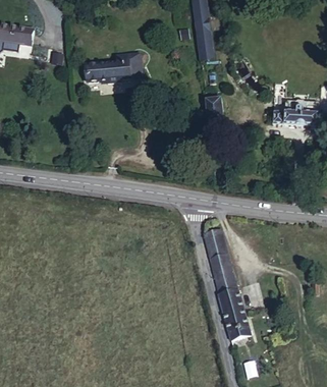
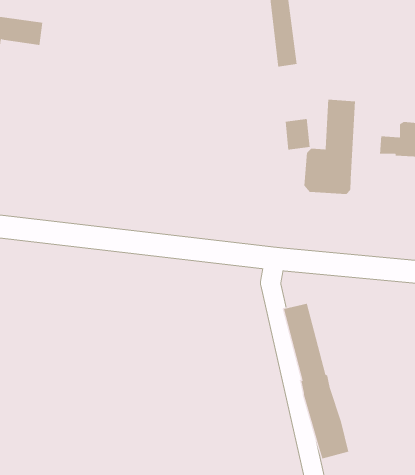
building: [86,53,142,82] -> none
building: none -> [304,99,356,195]

